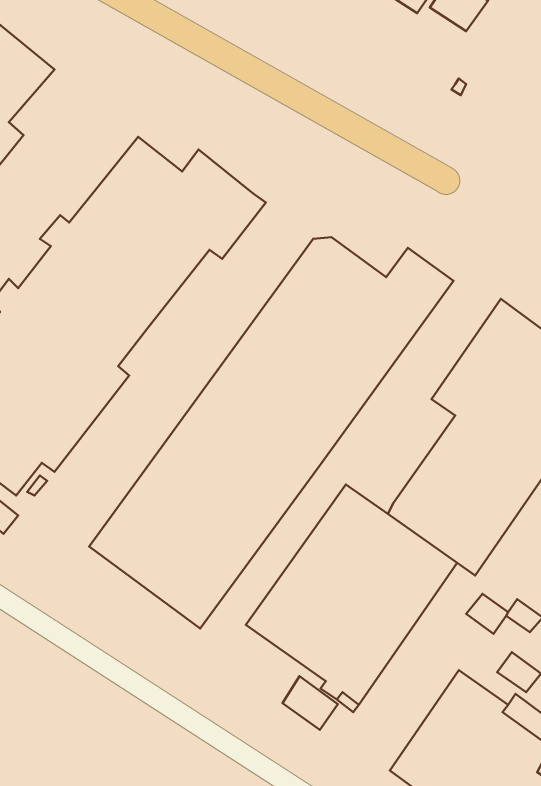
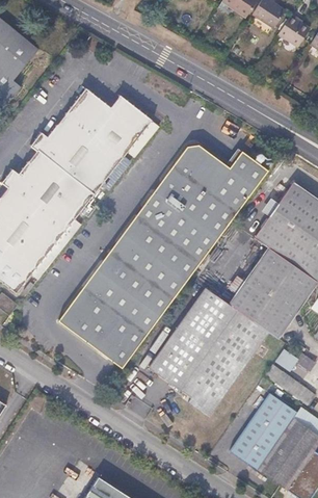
building: none -> [277,15,310,47]
building: none -> [264,364,299,394]
building: [282,676,338,730] -> none

